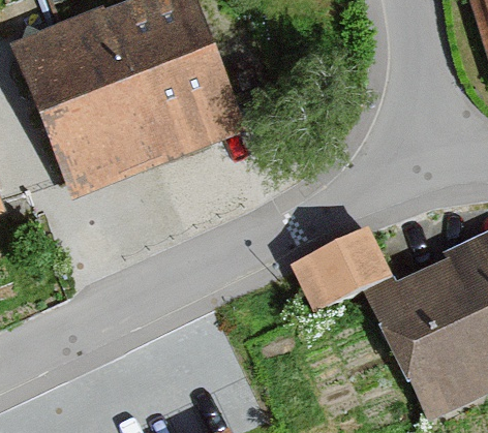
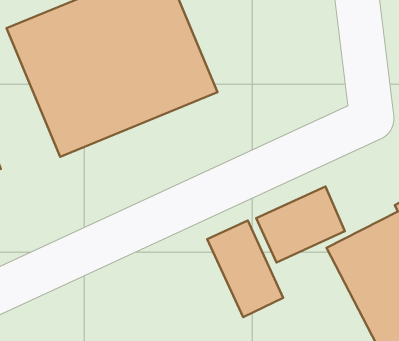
building: none -> [207,221,283,317]

